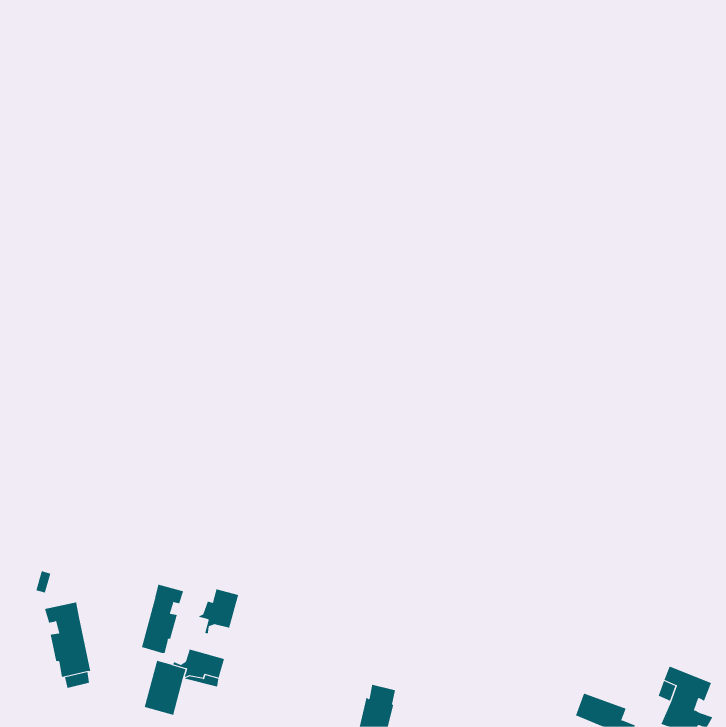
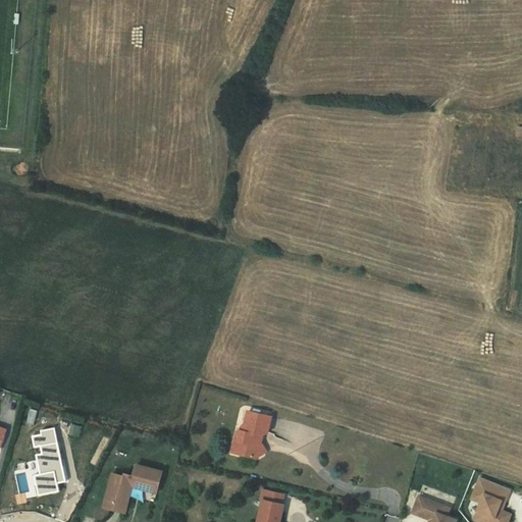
building: none -> [233,412,267,459]
building: [141,584,184,654] -> none
building: [197,588,239,634] -> none

